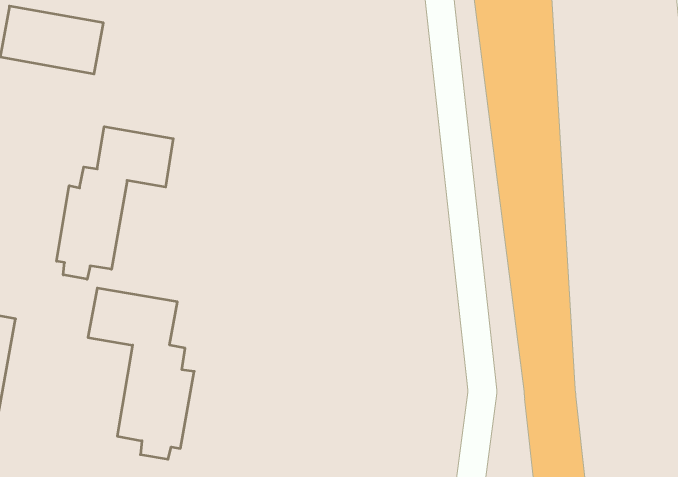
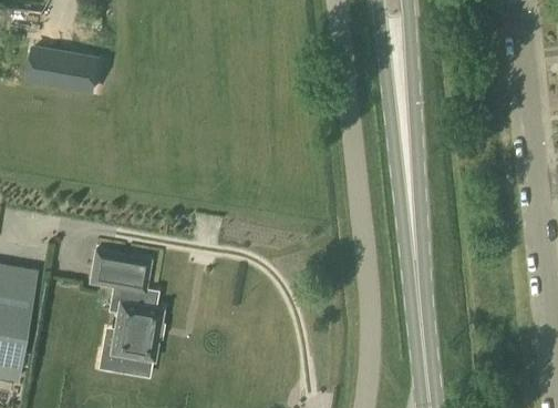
building: [57,127,173,279] -> none

